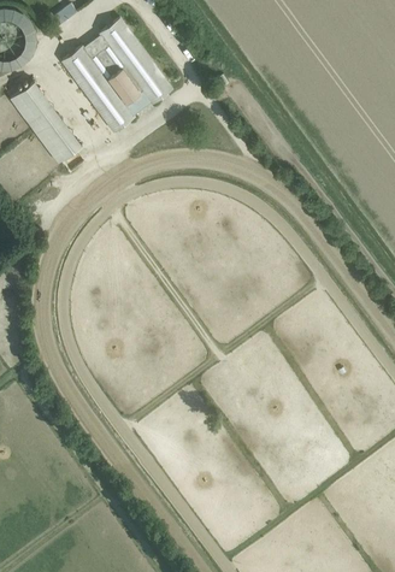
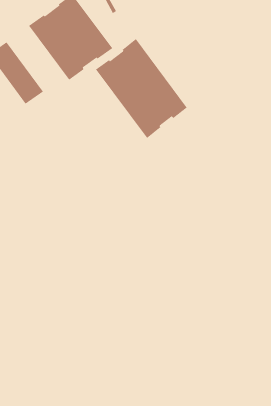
building: none -> [95,38,188,139]

